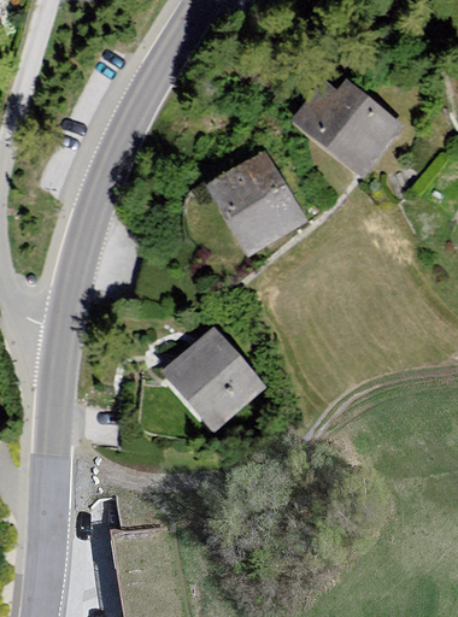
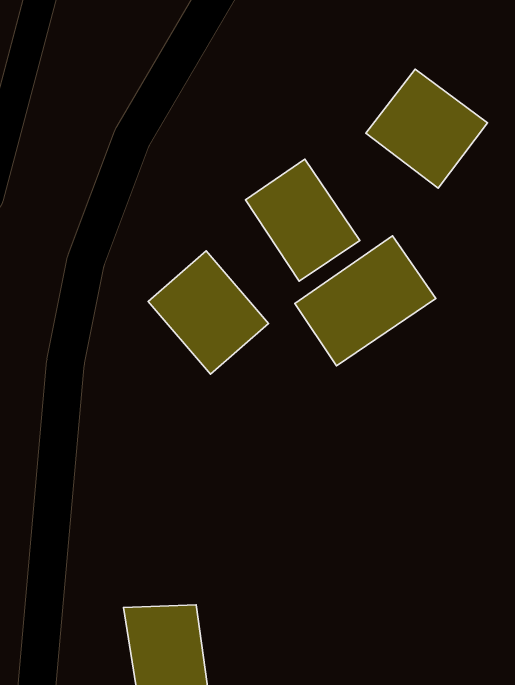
building: none -> [295,236,436,366]
building: [160,331,260,434] -> [148,251,269,374]

